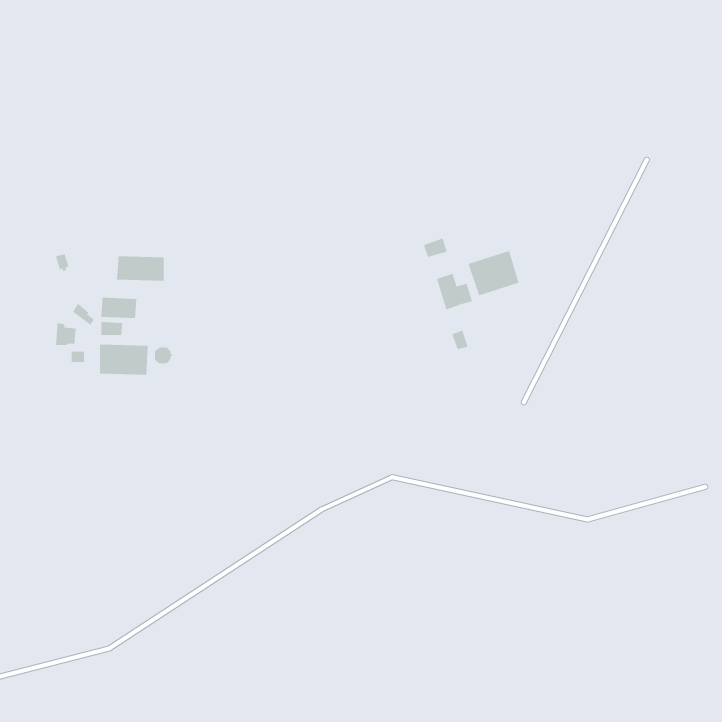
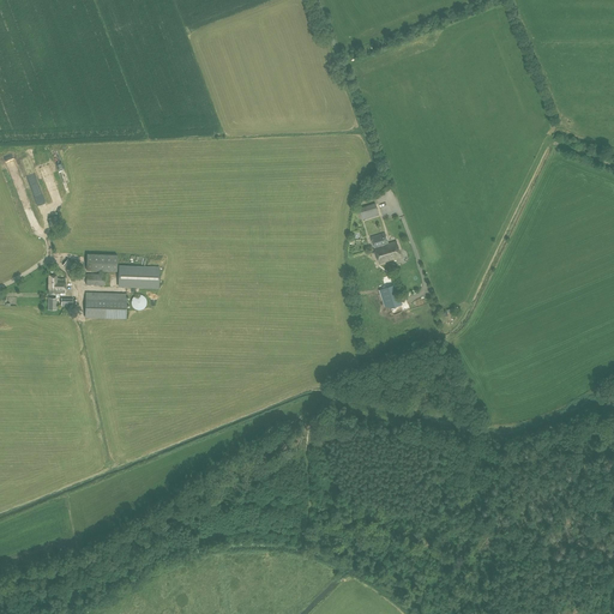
building: [468,250,519,296] -> none
building: [116,256,164,281] -> [118,265,158,287]

